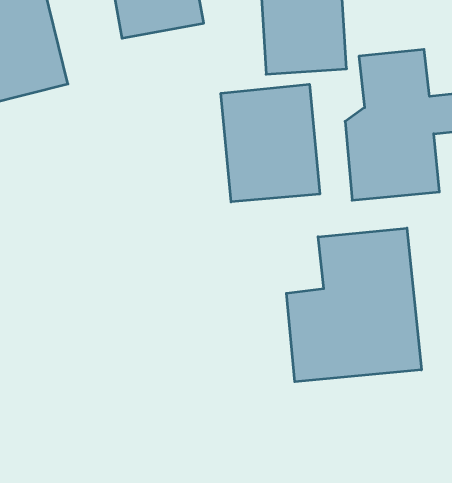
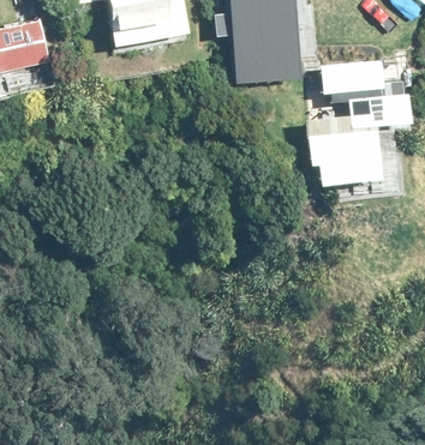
building: [221,84,320,202] -> none
building: [286,228,421,382] -> none

